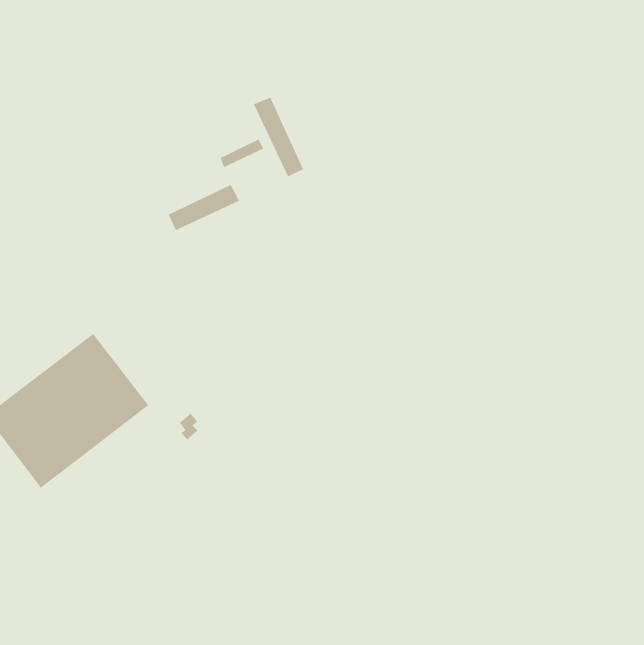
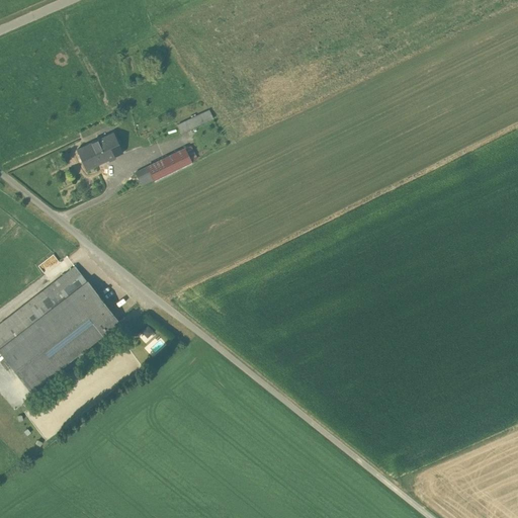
building: [253,97,304,177] -> none
building: none -> [74,133,122,173]

